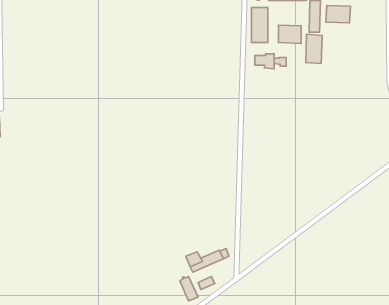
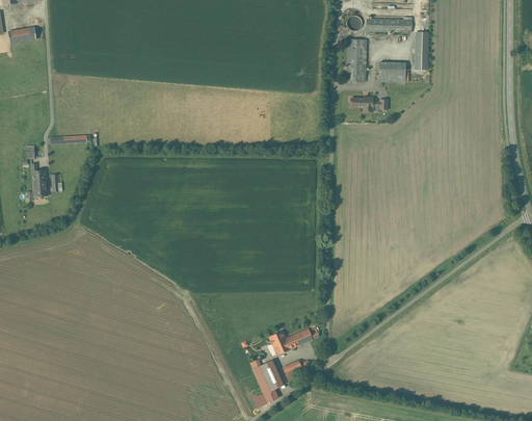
building: [326,6,351,23] -> none
building: [306,34,322,64] -> none

